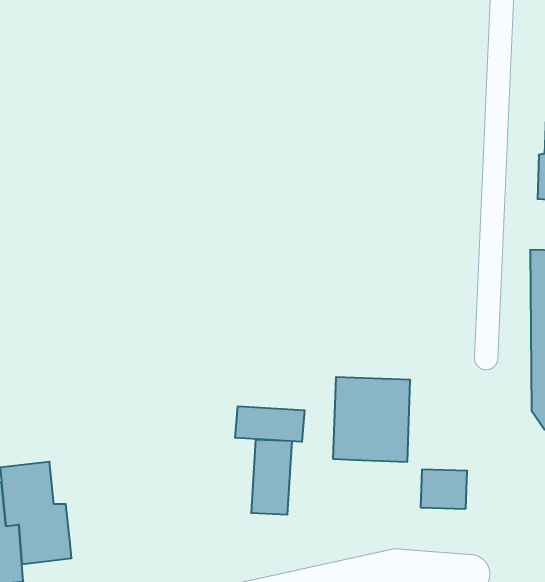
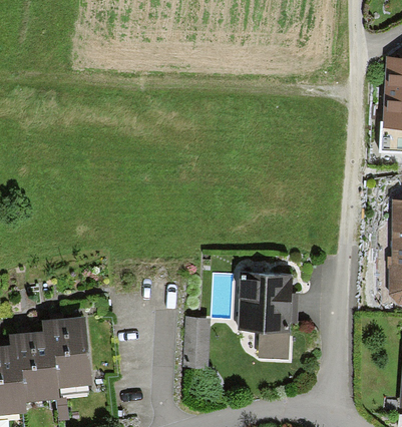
building: [235,406,305,442] -> none
building: none -> [42,316,92,387]
building: [421,469,467,509] -> [257,330,289,357]

